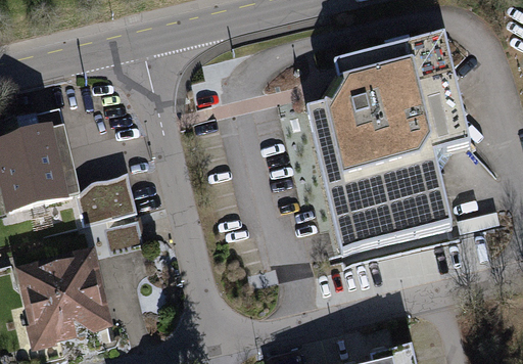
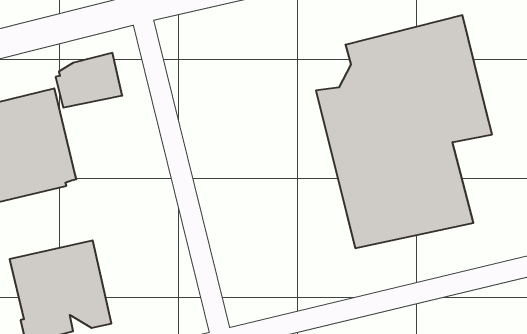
building: [75,170,137,221] -> [56,53,122,108]
building: [104,215,143,246] -> none

